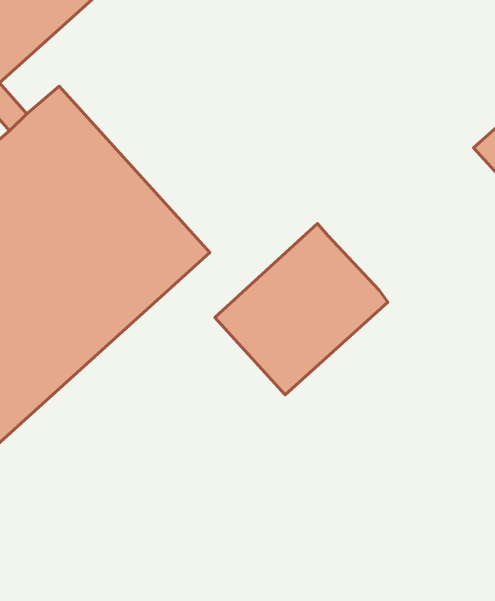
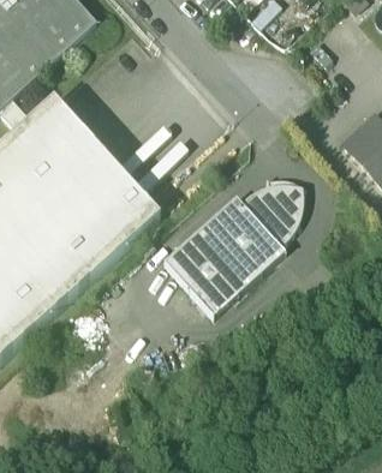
building: none -> [243,182,303,241]

